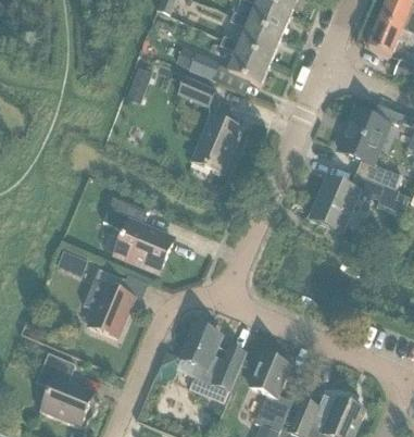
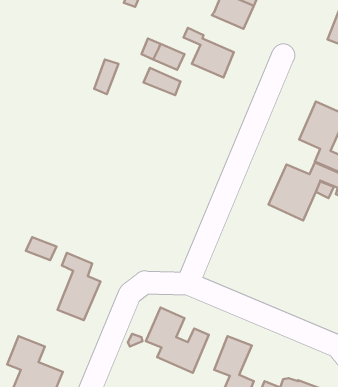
building: [230,10,281,59] -> none
building: [192,115,242,173] -> none
building: [103,196,173,271] -> none

